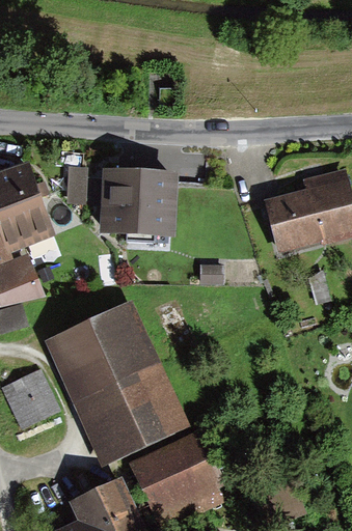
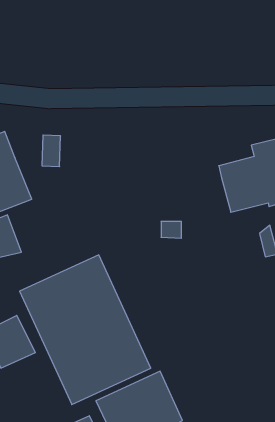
building: [99,169,179,237] -> none

